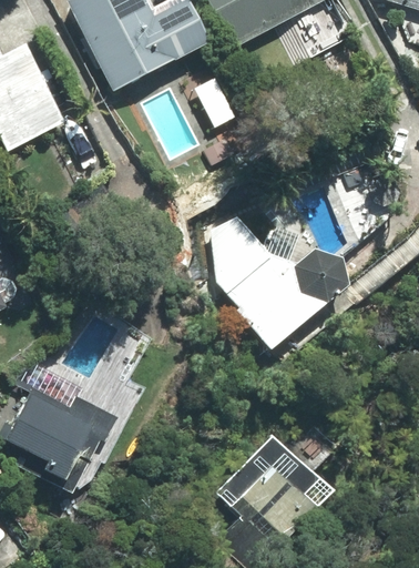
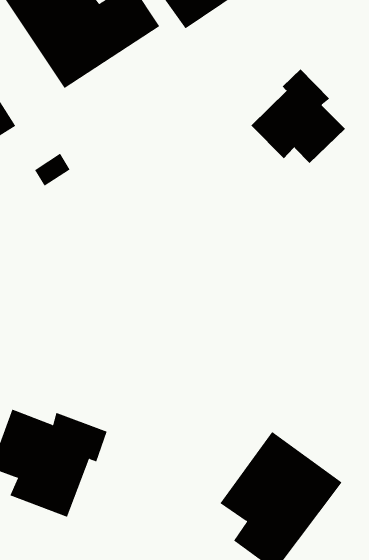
building: none -> [251,69,346,164]
building: [192,213,357,347] -> none

